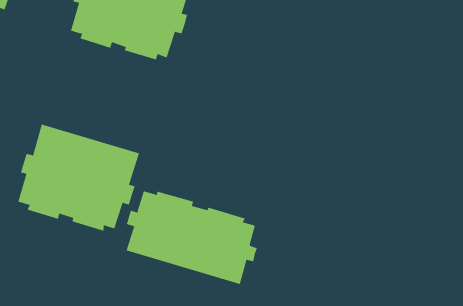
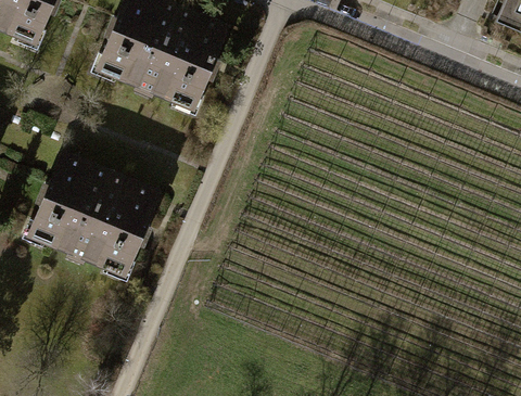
building: [126,190,258,285] -> none

